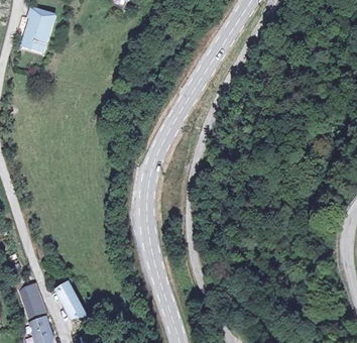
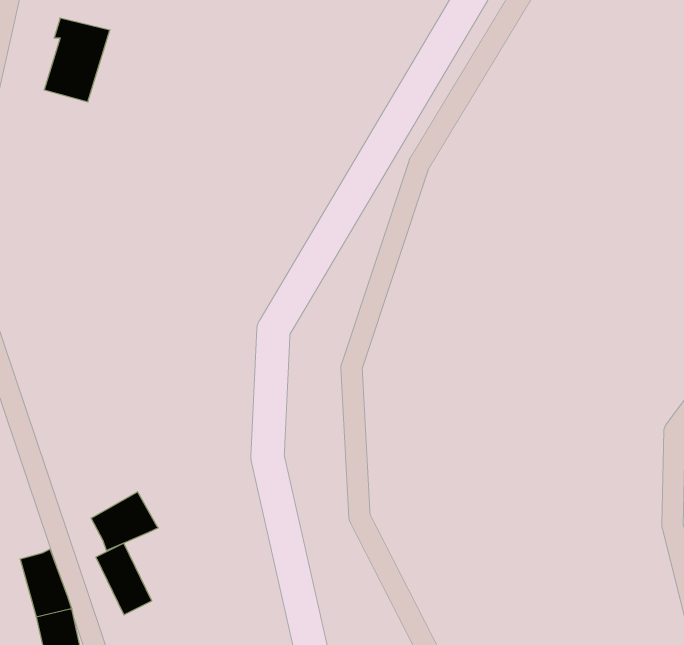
building: none -> [91,492,158,550]

